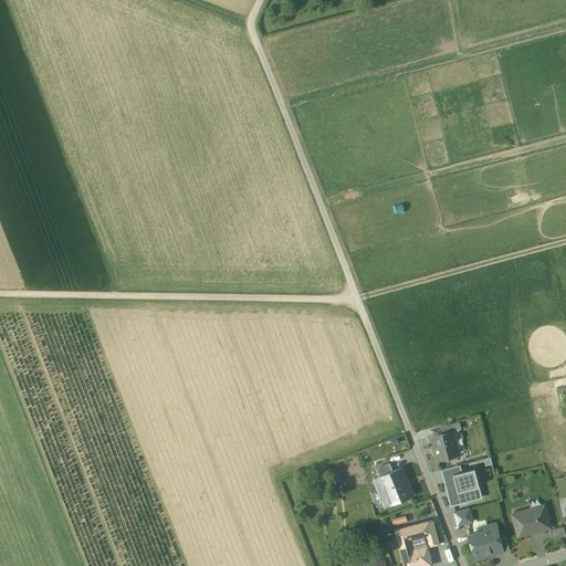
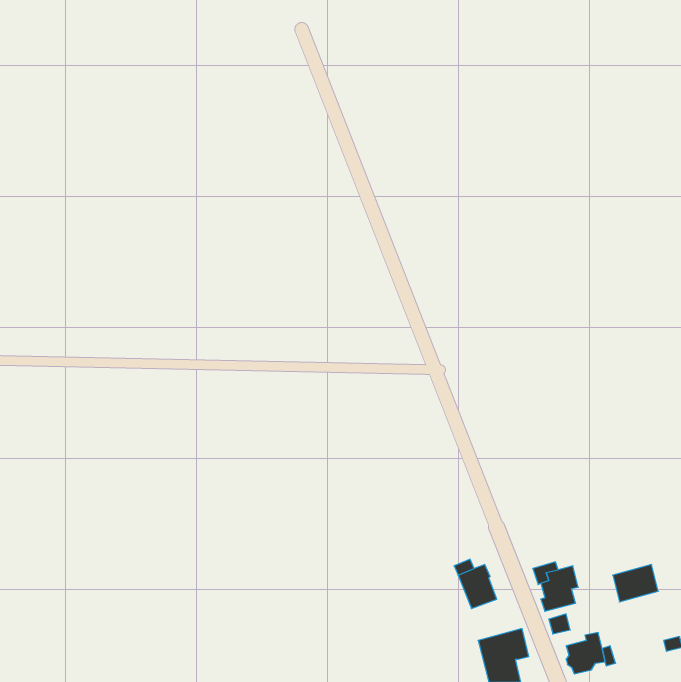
building: [433,431,460,460] -> none
building: [513,505,551,536] -> [613,565,658,602]

